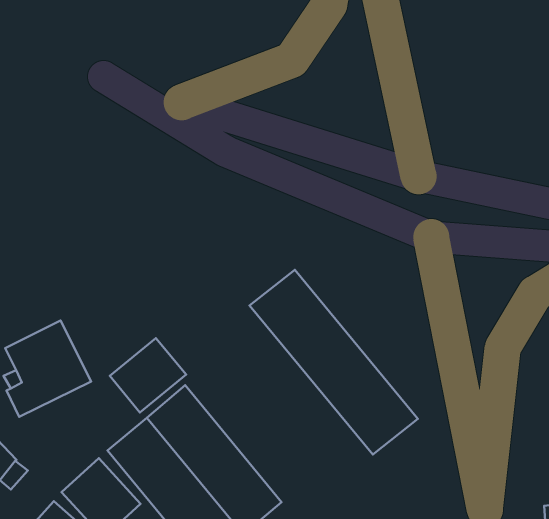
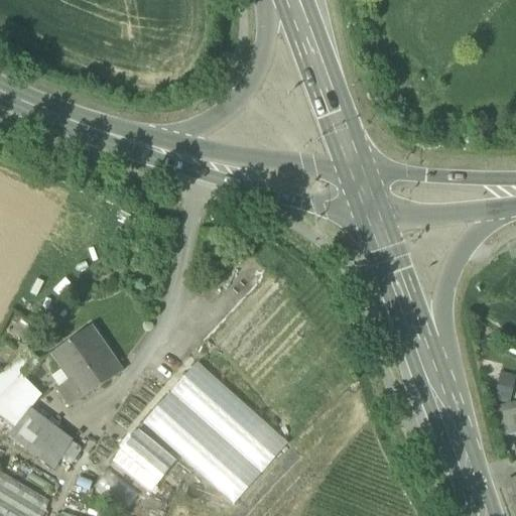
building: [250,270,418,455] -> none
building: [110,338,186,412] -> none

